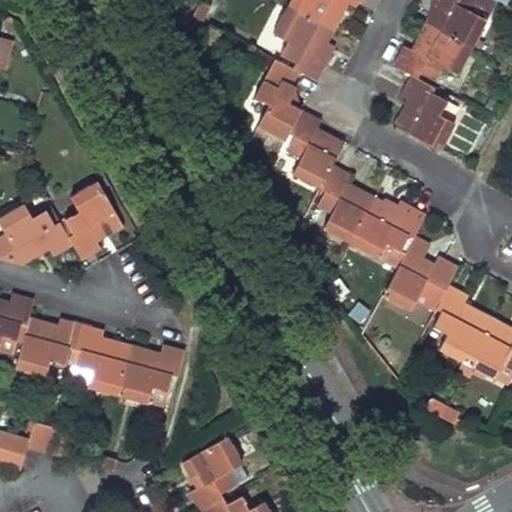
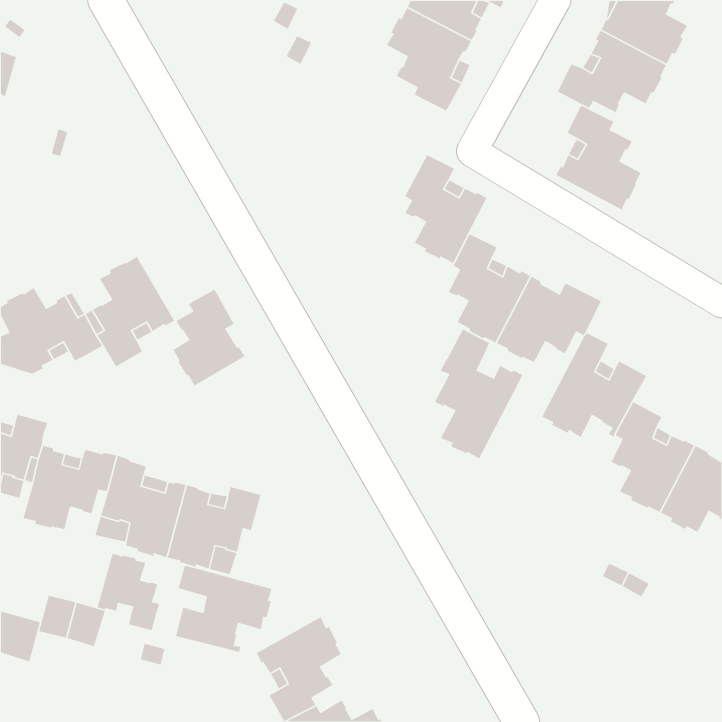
building: [254,58,302,139] -> none
building: none -> [172,289,245,387]
building: none -> [434,328,524,459]
building: none -> [97,553,160,631]
building: none -> [175,565,272,654]

